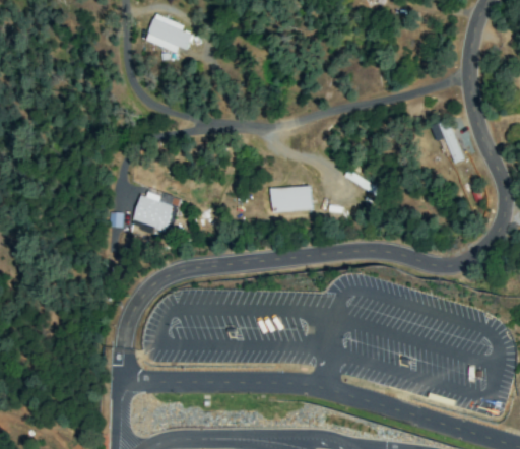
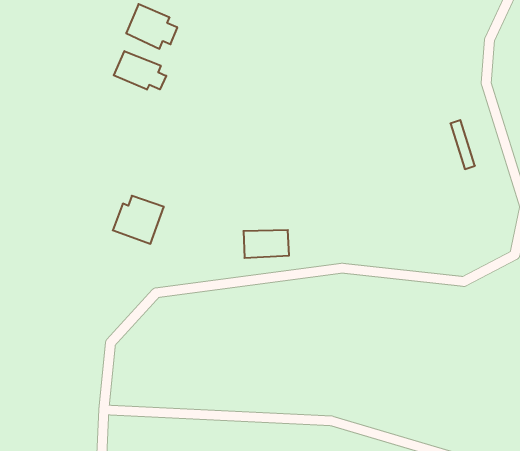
building: none -> [114,51,166,90]
building: [269,187,311,212] -> [243,230,289,258]

